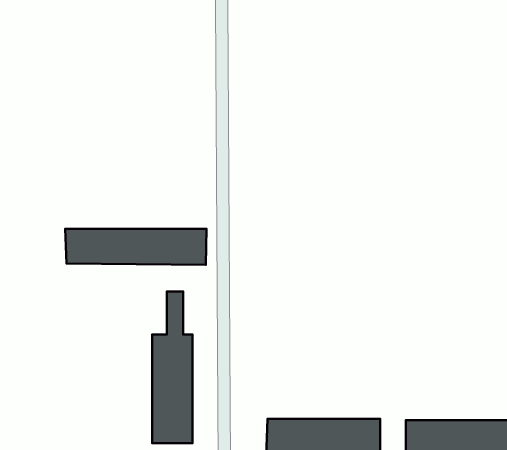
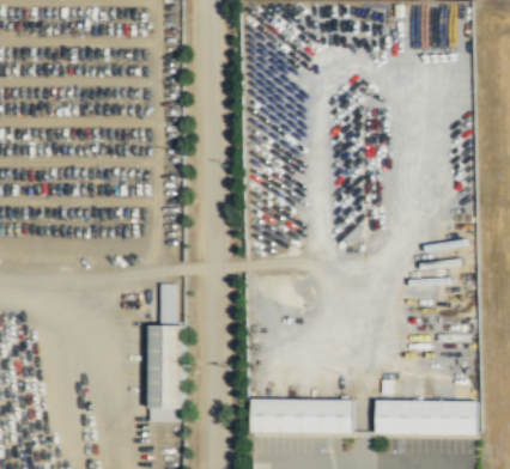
building: [65,229,207,265] -> none

